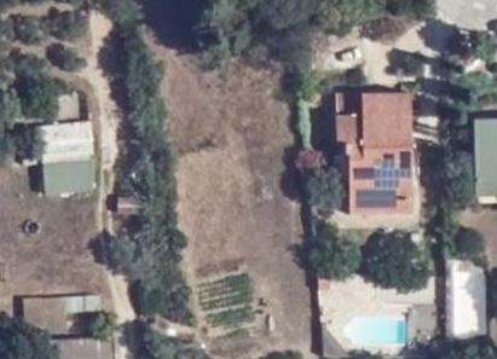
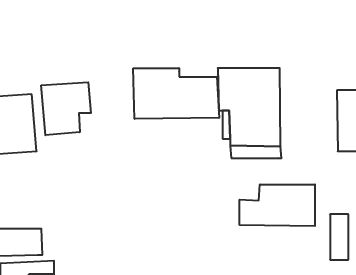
building: none -> [133,68,219,119]
building: none -> [41,82,91,135]
building: none -> [240,184,315,226]

